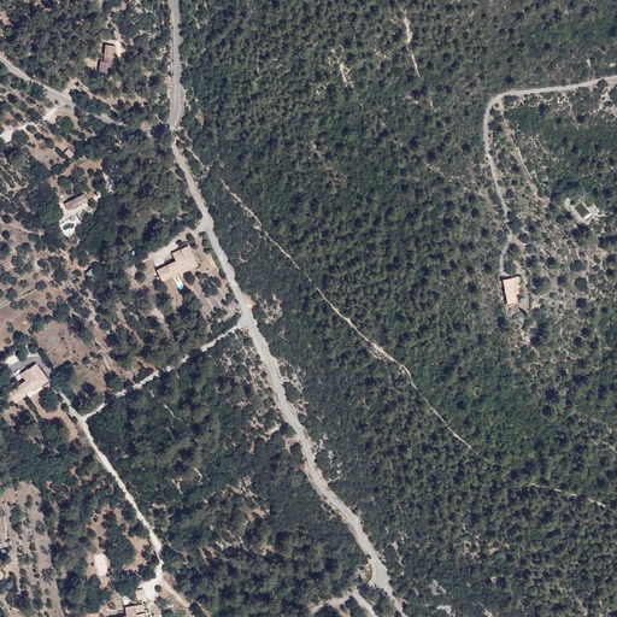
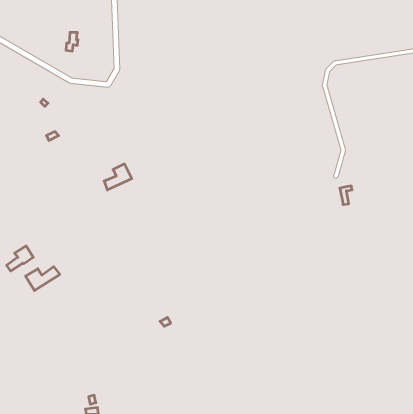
building: none -> [26,267,60,291]

